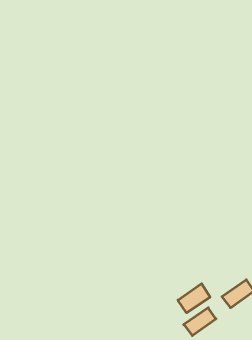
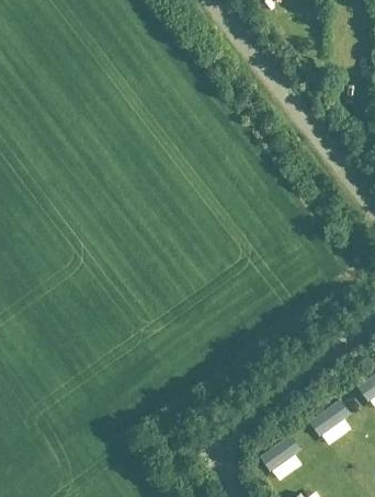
building: [178,284,210,313] -> none

